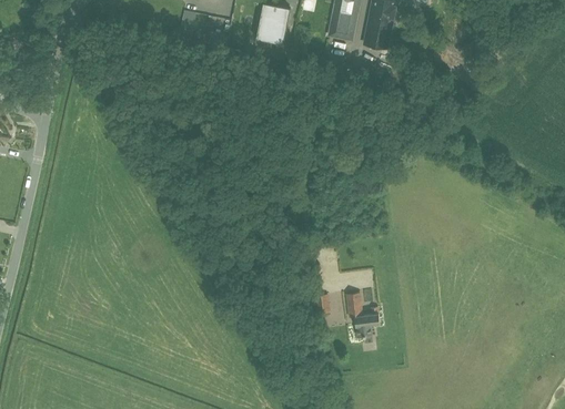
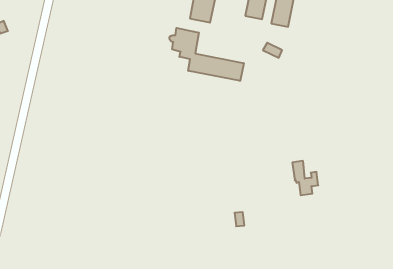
building: none -> [169,28,244,81]
building: [345,290,380,336] -> [292,161,318,195]

